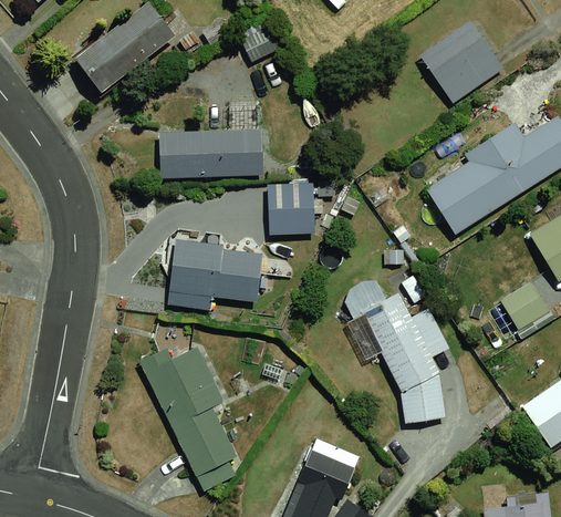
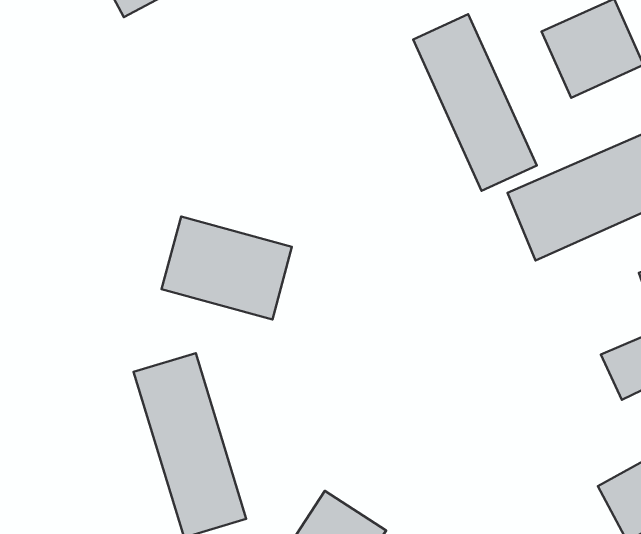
building: none -> [413,14,537,191]
building: [158,128,262,176] -> none
building: [260,180,313,237] -> none
building: [346,291,446,428] -> none

